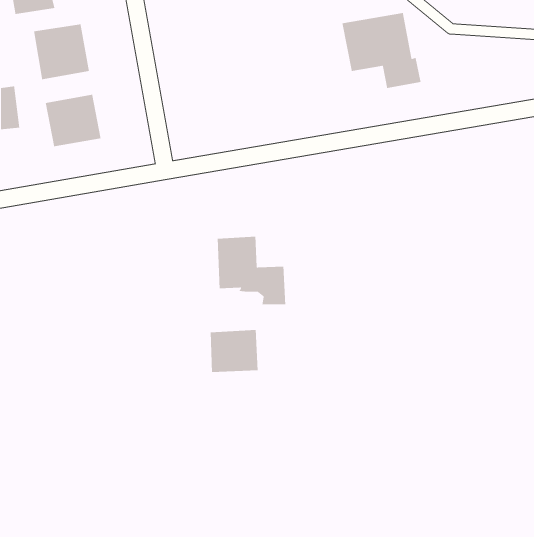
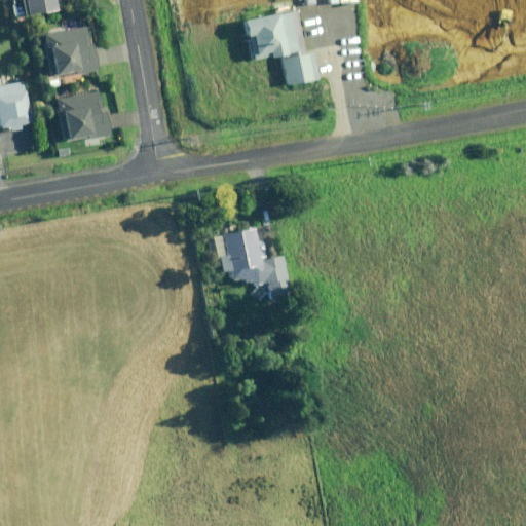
building: [342,12,422,89] -> [239,10,316,84]
building: [210,329,258,373] -> none

